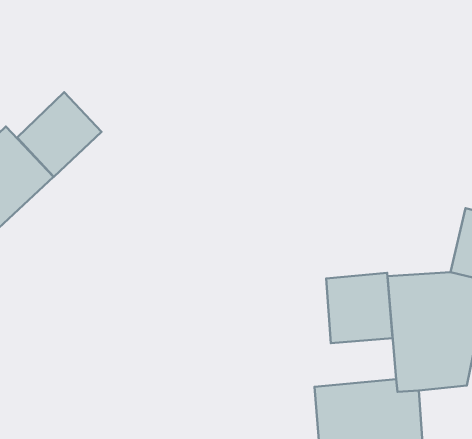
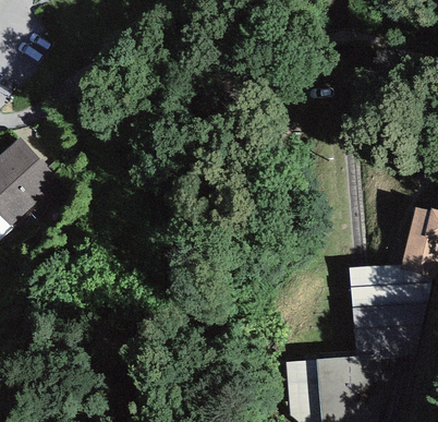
building: [17,92,102,177] -> none
building: [326,273,392,343] -> none

